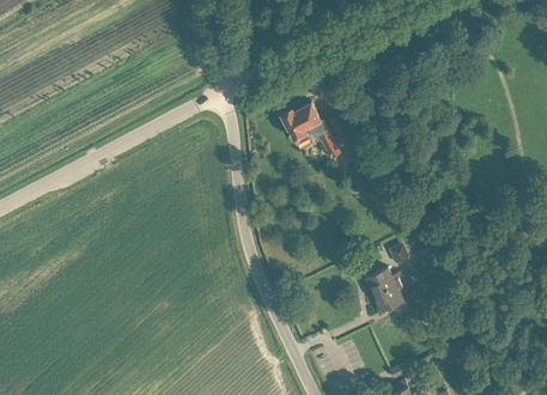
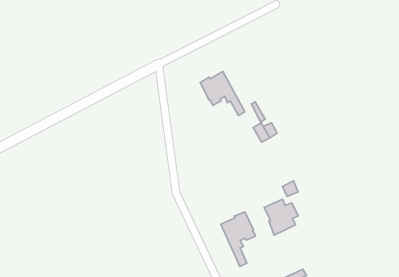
building: none -> [221,212,256,266]

